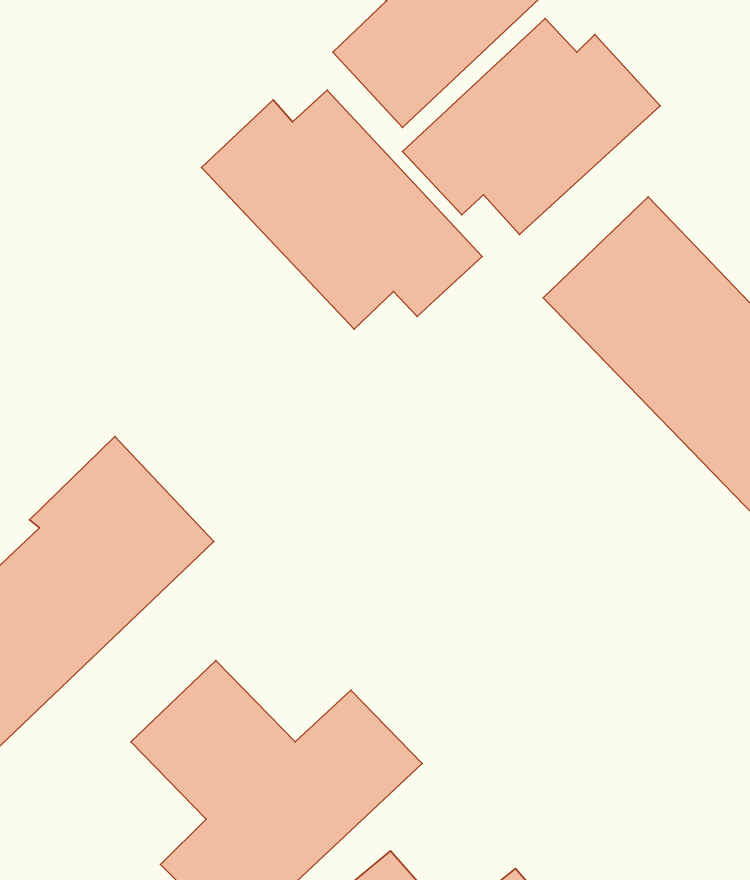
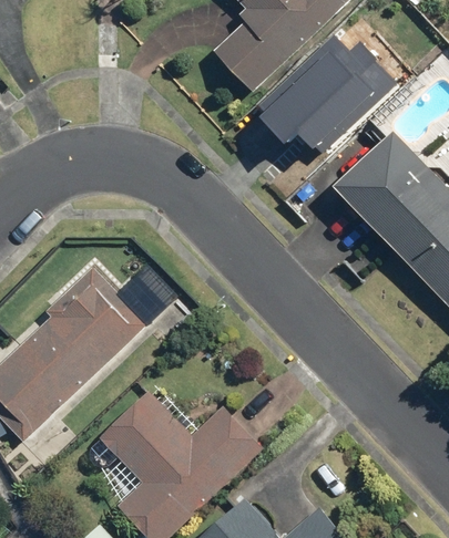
building: [202,90,482,329] -> none

